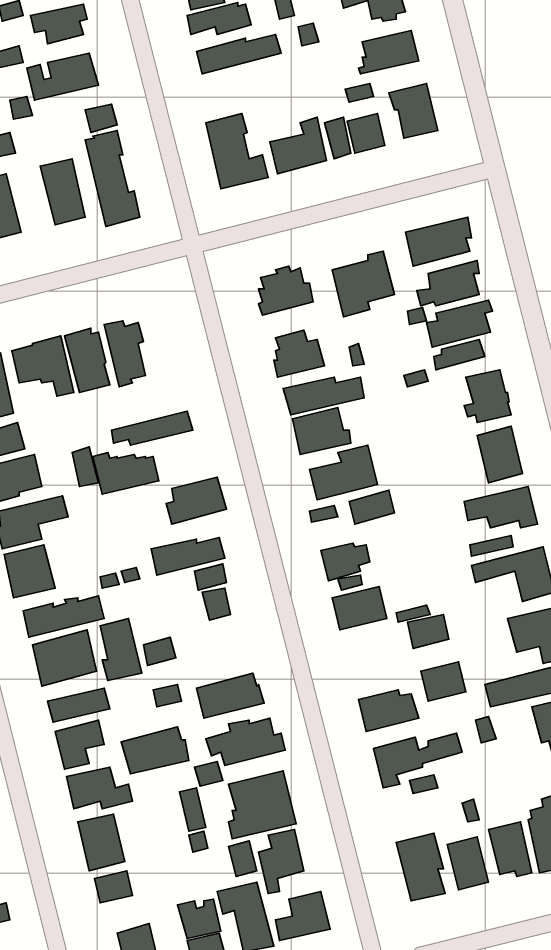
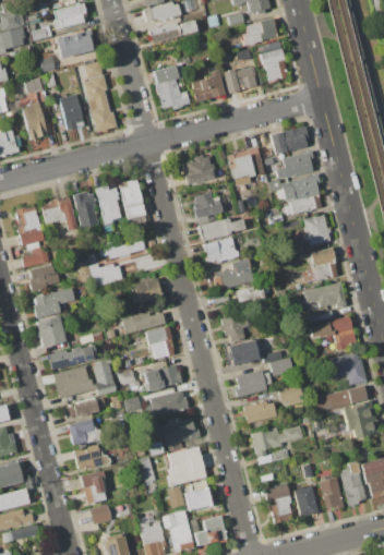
building: none -> [121,179,146,219]
building: none -> [236,372,266,398]
building: [121,727,189,774] -> [143,363,182,390]

